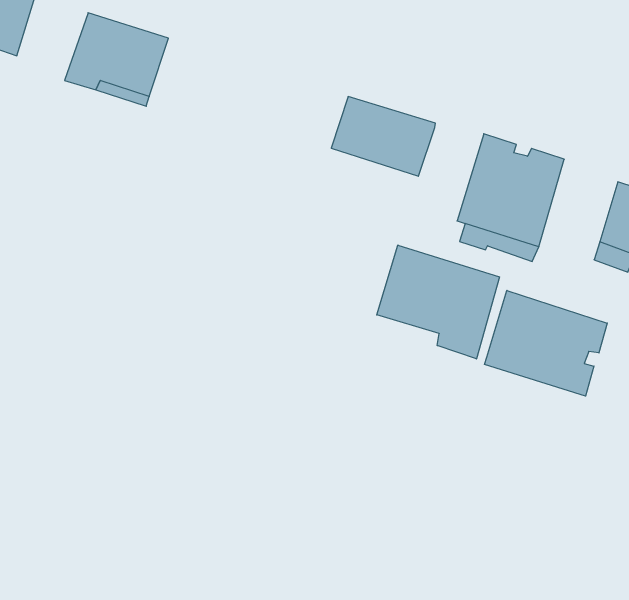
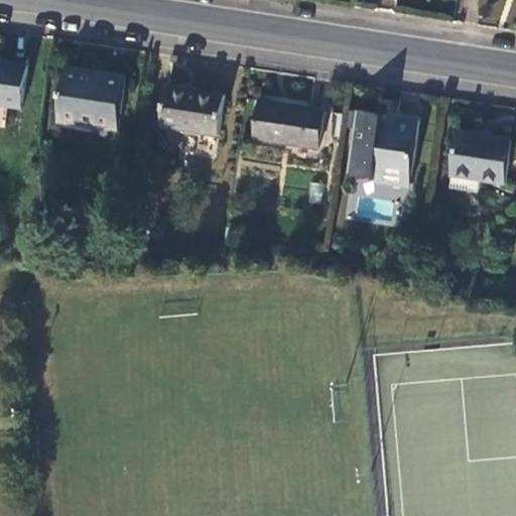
building: none -> [157,87,221,133]
building: [377,245,500,359] -> none
building: [485,290,607,396] -> none

